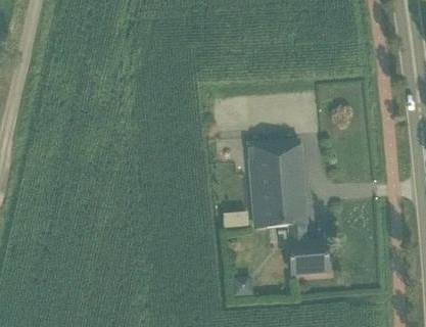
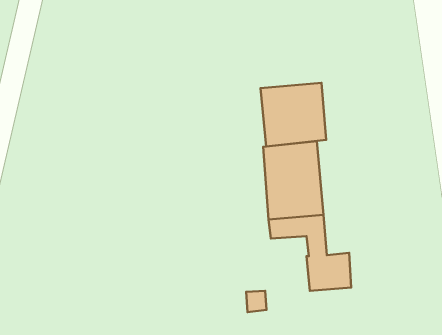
building: none -> [260,83,326,146]

